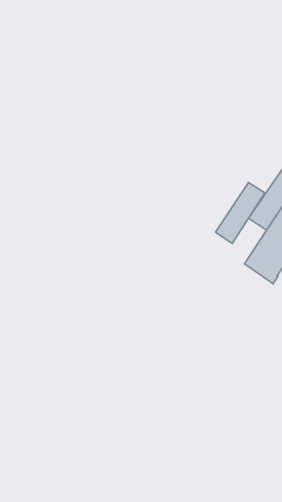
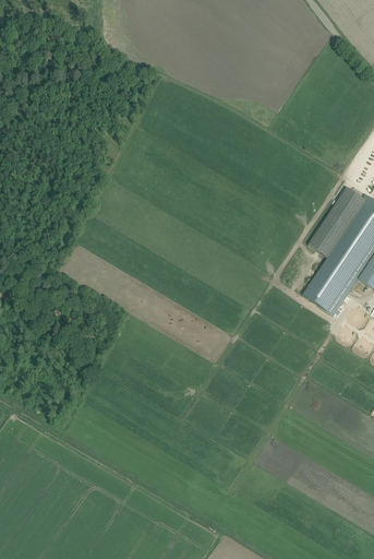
building: [215,182,265,244] -> none

